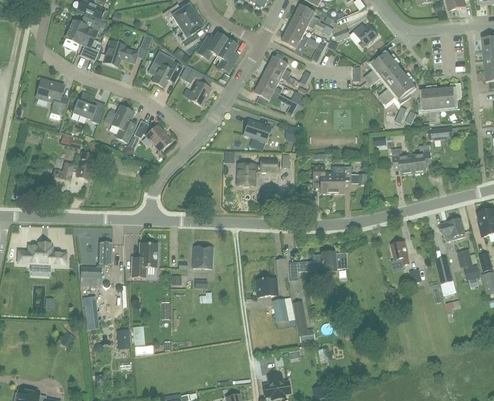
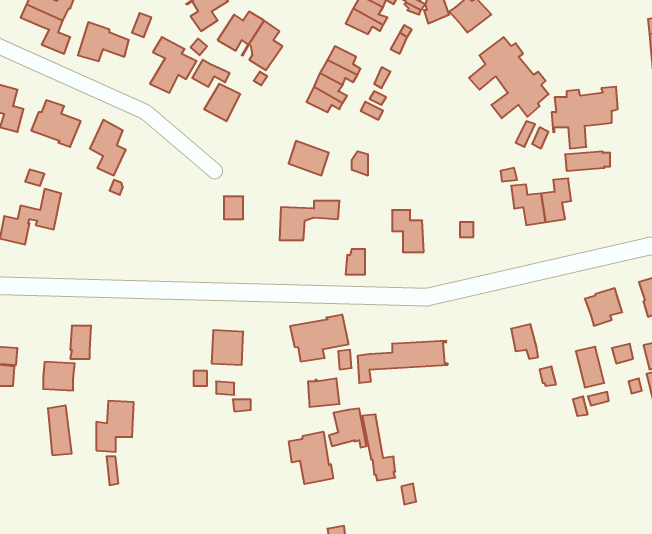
building: [133,119,171,150] -> none
building: [332,165,350,192] -> none
building: none -> [290,314,348,362]
building: [132,242,157,276] -> [96,401,134,452]
building: none -> [289,432,333,484]

